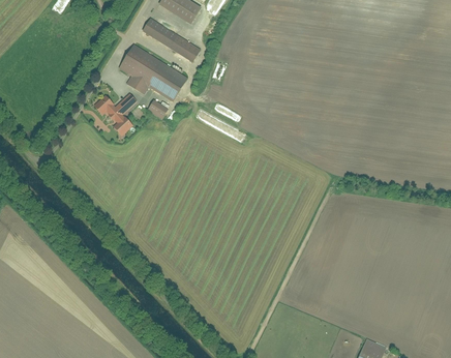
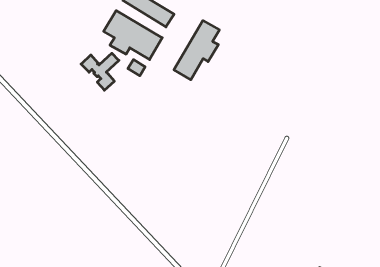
building: none -> [174,21,219,80]

